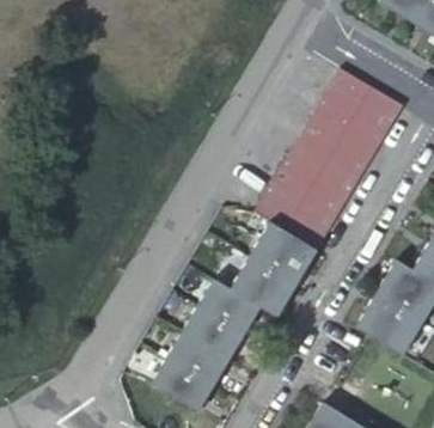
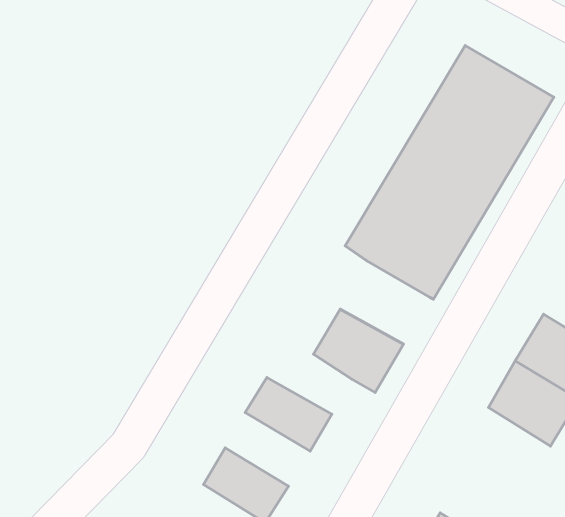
building: [251,221,316,281] -> none
building: [198,277,259,331] -> none
building: [169,330,230,383] -> none

